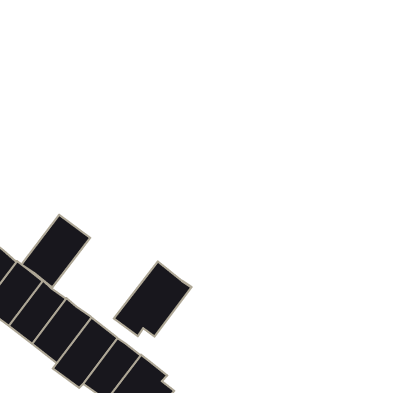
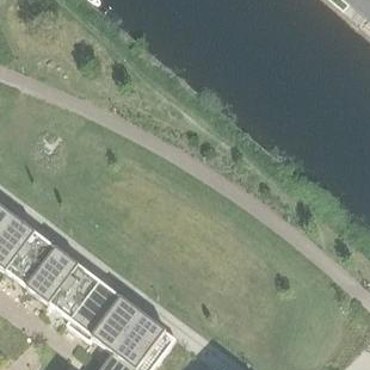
building: [22,215,90,287] -> none
building: [114,262,192,337] -> none

